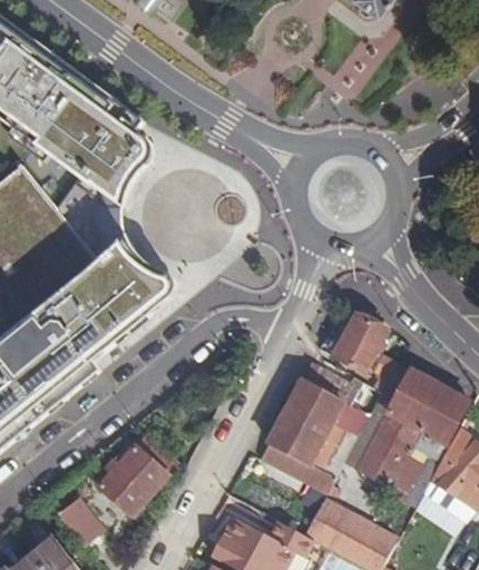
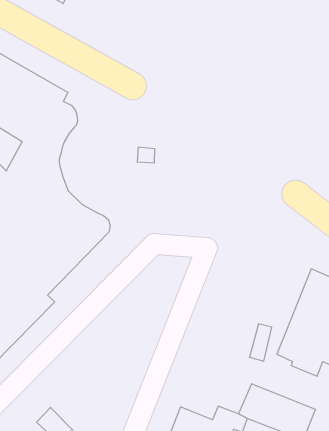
building: [331,314,397,385] -> none
building: [261,361,356,492] -> none
building: [98,445,167,515] -> none

